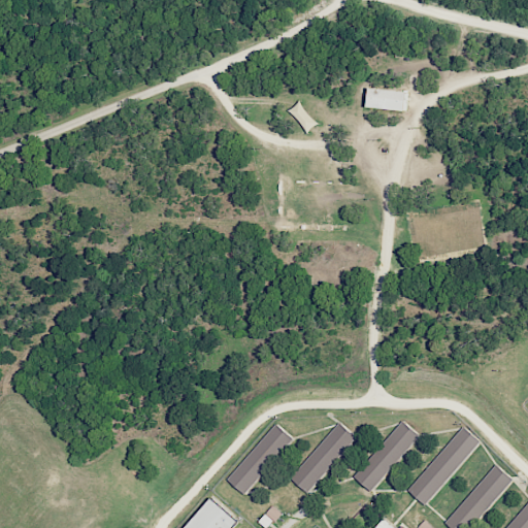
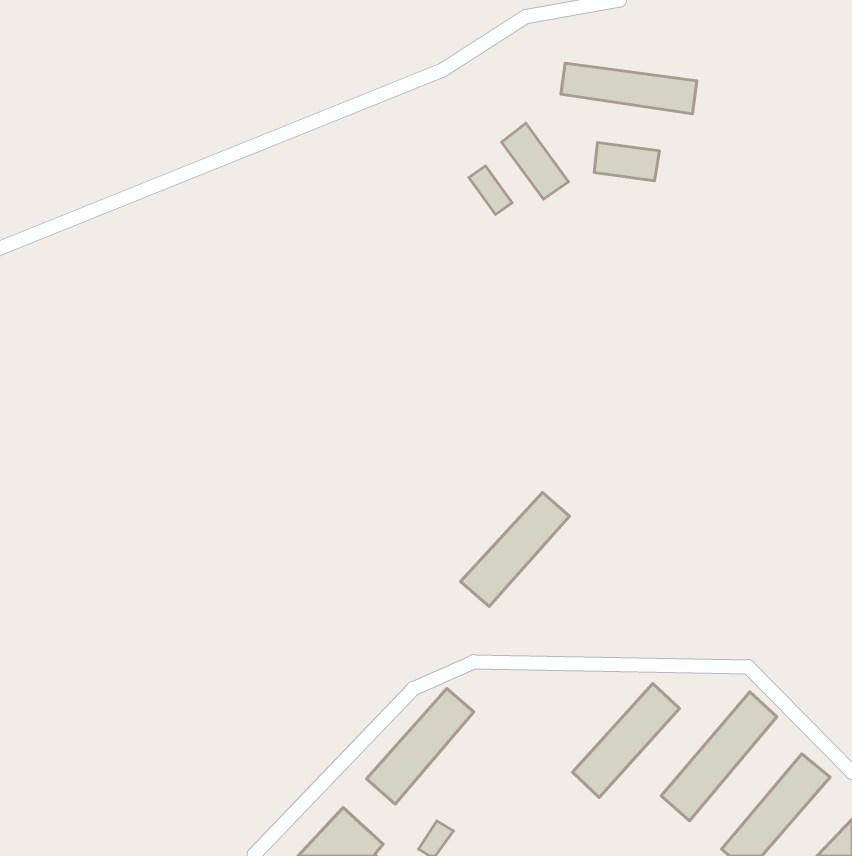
building: none -> [561,63,697,114]
building: none -> [502,123,569,199]
building: [289,423,356,493] -> [461,493,569,607]

